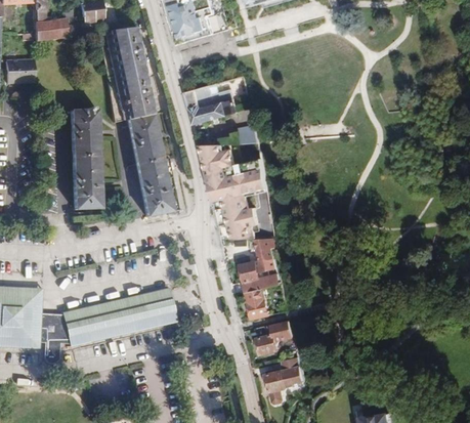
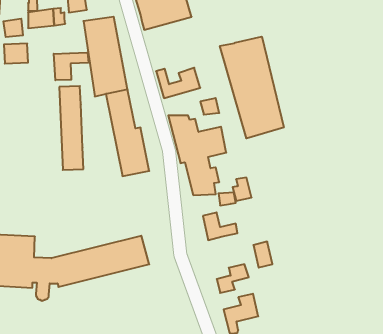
building: none -> [3,19,23,37]
building: none -> [220,37,284,138]
building: none -> [54,52,88,80]
building: [258,249,281,277] -> [233,178,252,201]
building: [248,288,270,319] -> [253,242,272,268]

